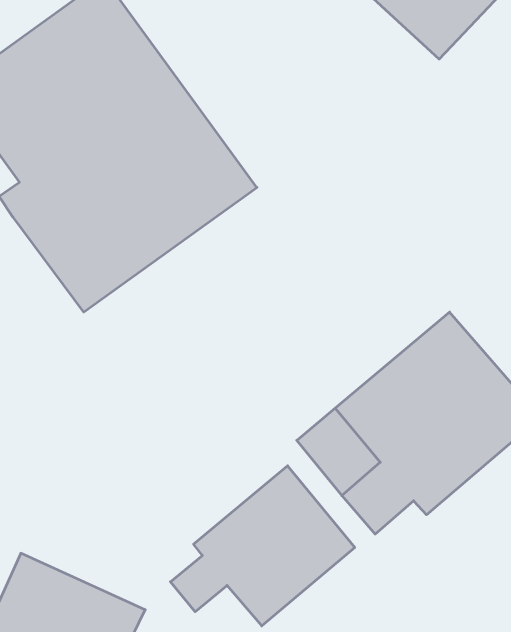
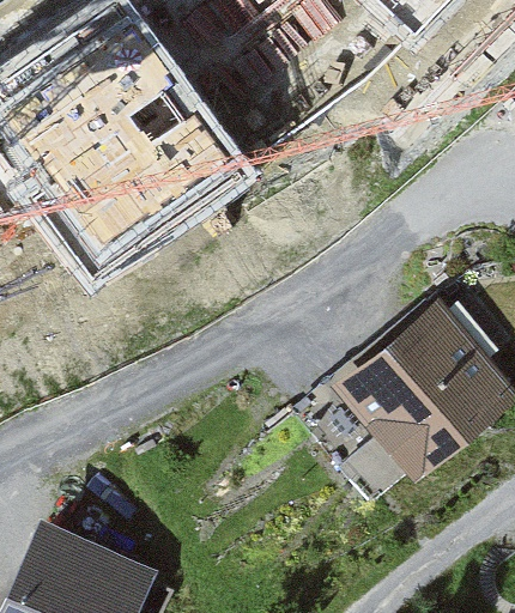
building: [170,466,355,626] -> none

